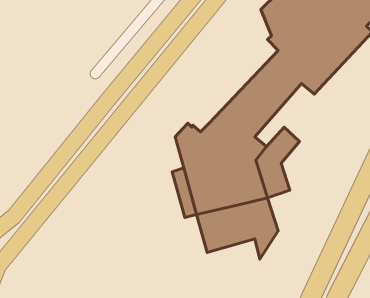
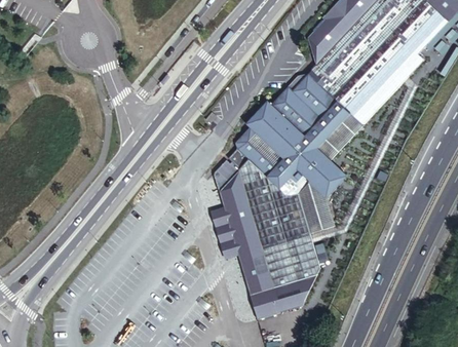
building: none -> [228,70,321,167]
building: none -> [297,116,358,183]
building: none -> [246,280,302,319]

